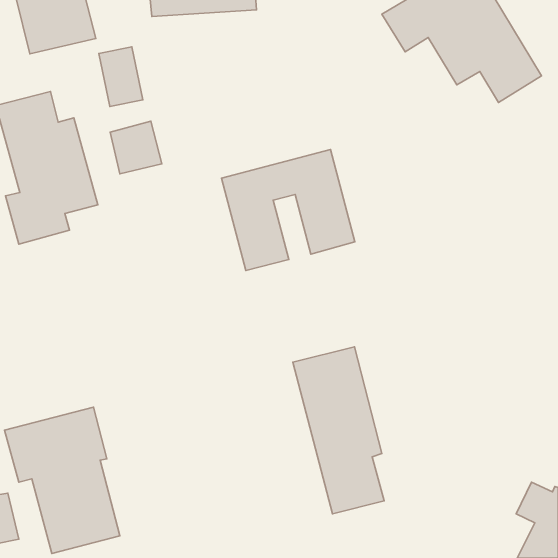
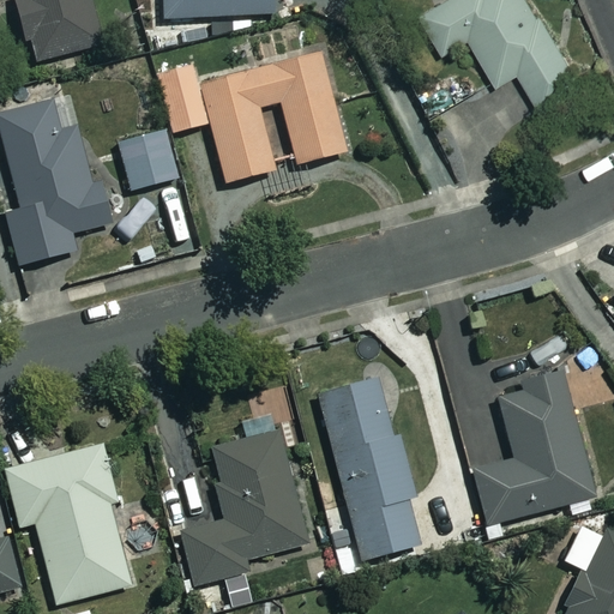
building: [99,47,143,106] -> [156,67,204,132]
building: [222,149,355,271] -> [200,52,345,183]
building: none -> [472,373,594,523]
building: none -> [181,425,306,583]

